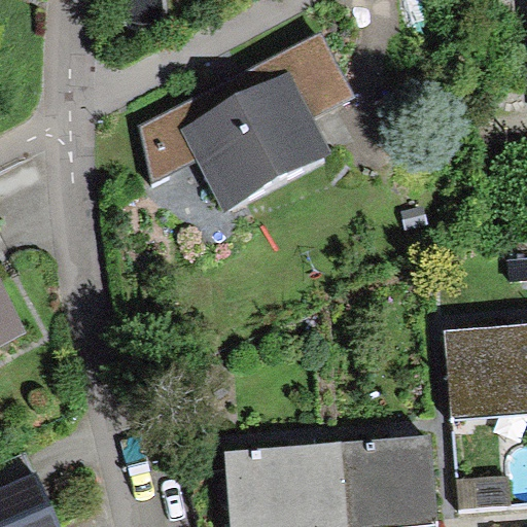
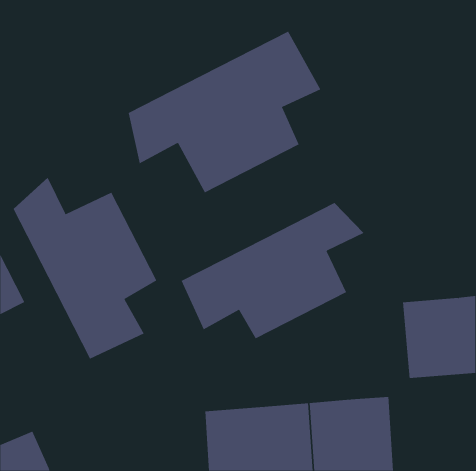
building: none -> [13,177,157,359]
building: none -> [181,202,365,339]

